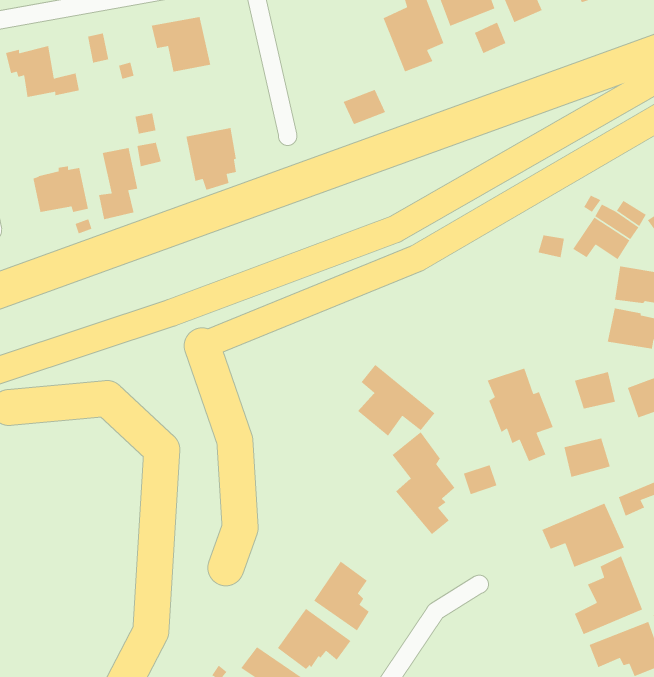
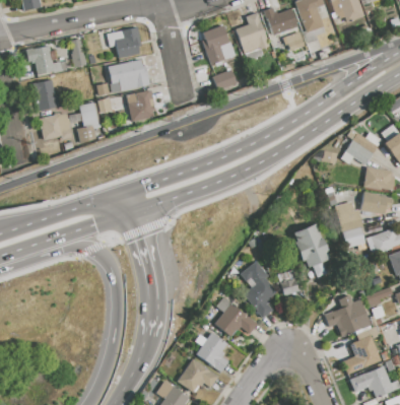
building: none -> [202,25,237,66]
building: none -> [109,59,150,93]
building: none -> [32,79,65,111]
building: [357,364,435,437] -> [214,296,258,337]
building: [564,438,611,478] -> [338,209,364,231]

